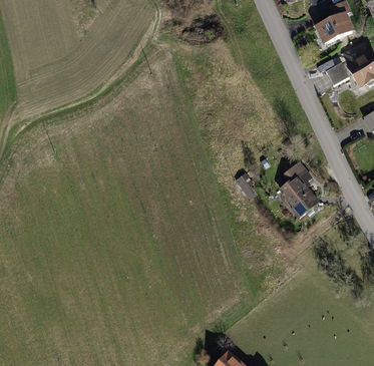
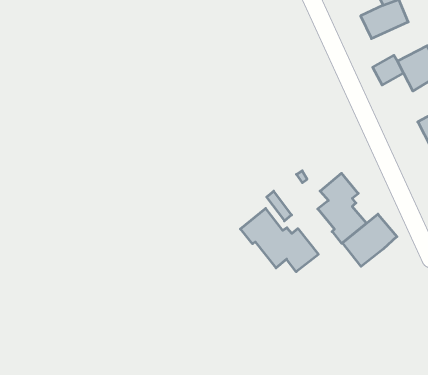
building: none -> [240,208,318,272]
building: none -> [343,214,397,266]

